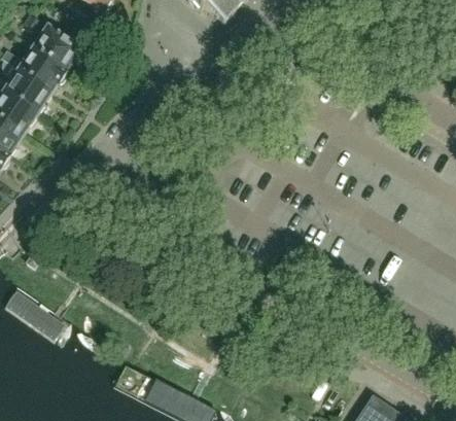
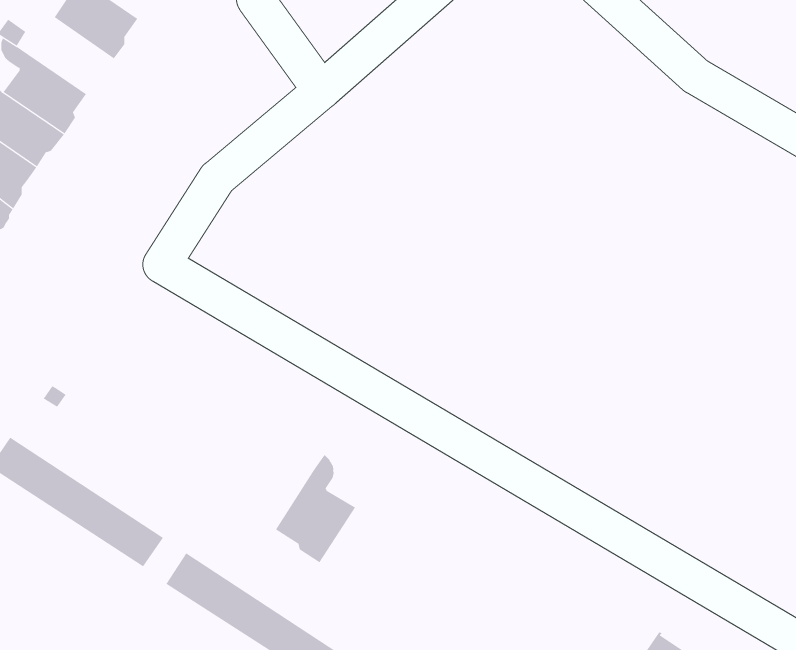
building: [14,48,66,92] -> none
building: none -> [275,454,356,563]

